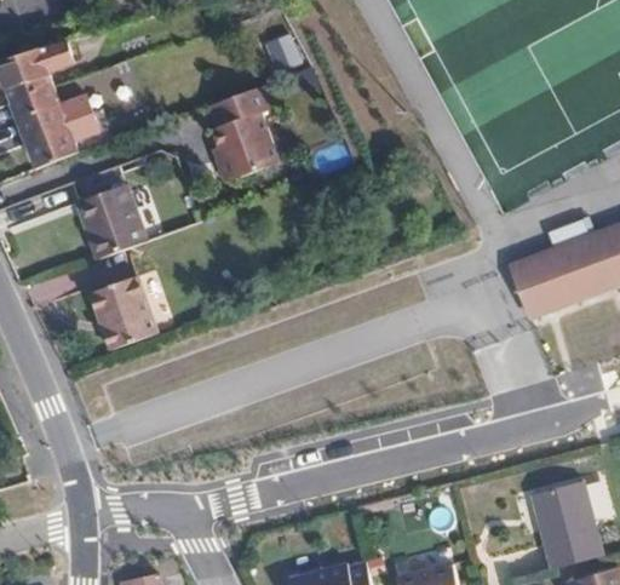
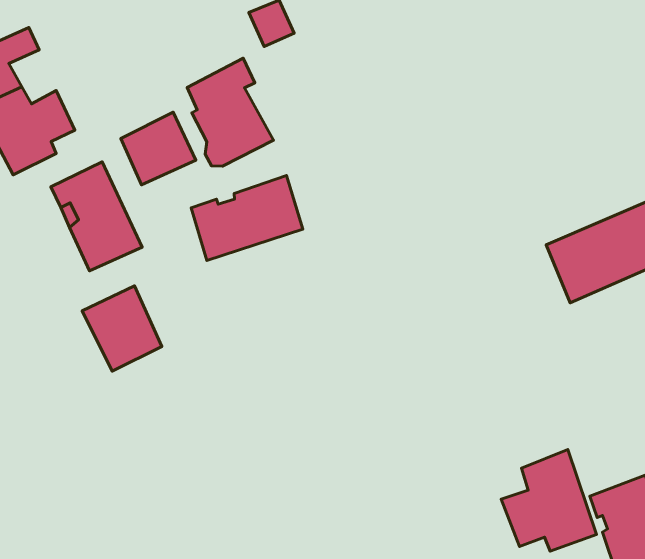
building: none -> [121,112,196,185]
building: none -> [191,176,303,260]
building: none -> [501,449,597,551]

